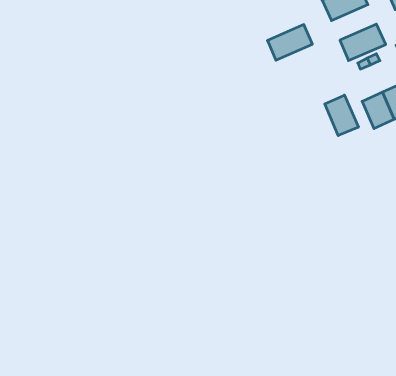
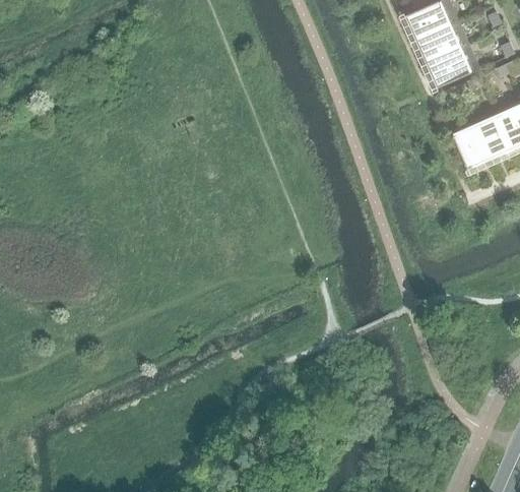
building: [267,25,312,60] -> [411,21,465,64]
building: [325,95,358,136] -> none

